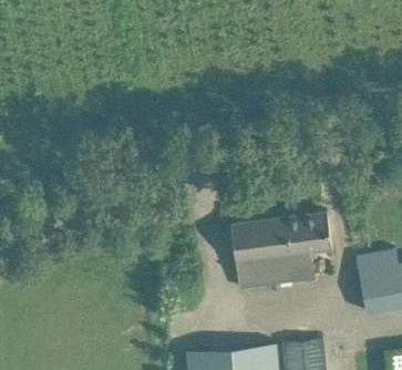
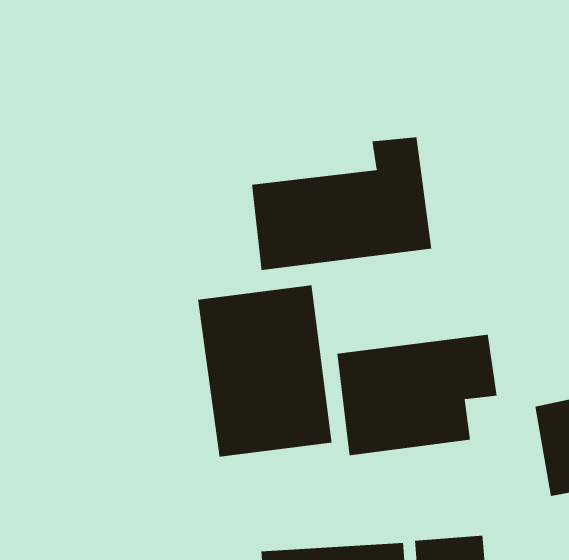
building: none -> [251,136,432,271]
building: none -> [198,284,332,457]

